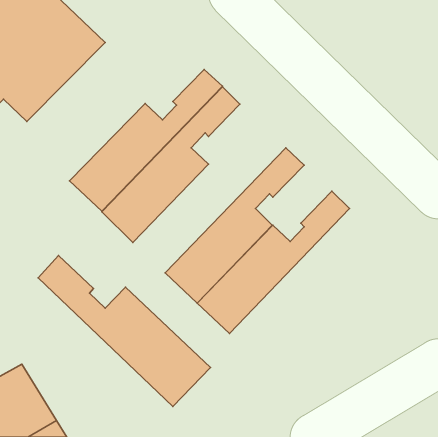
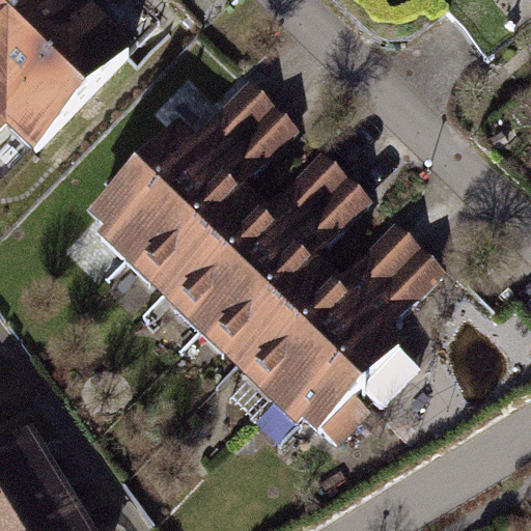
building: none -> [159,156,340,326]
building: none -> [274,249,440,447]
building: [38,256,210,406] -> none

